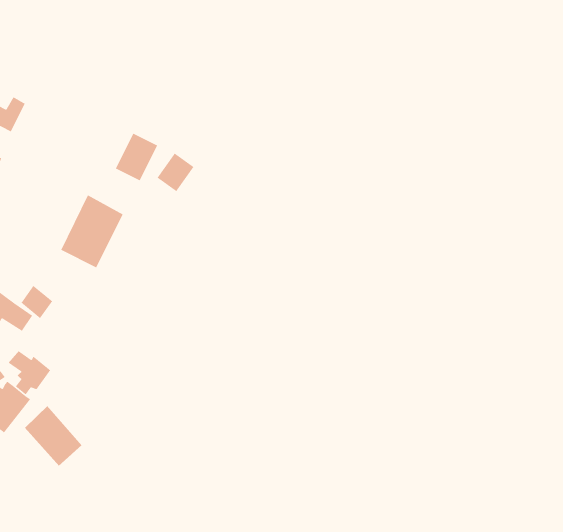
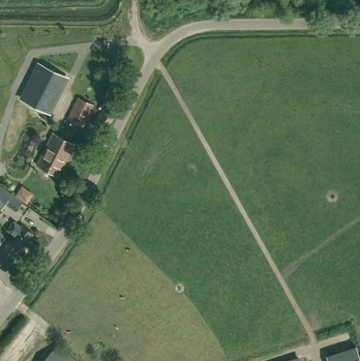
building: none -> [21,64,65,113]
building: [24,405,82,466] -> none

